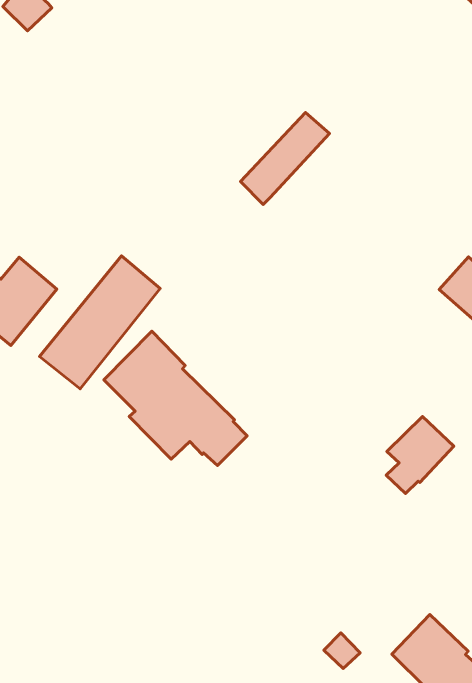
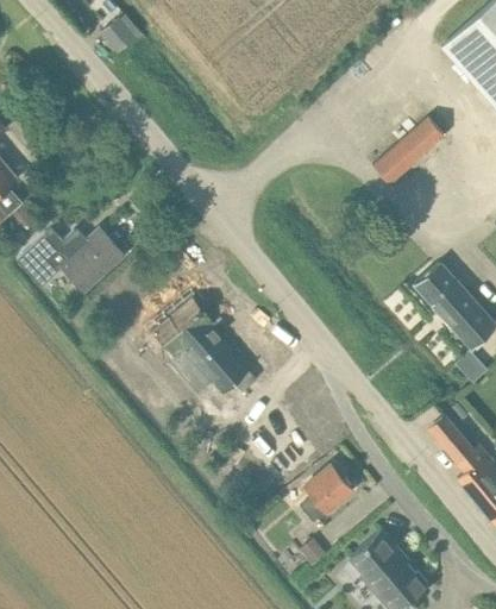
building: [240,112,330,204] -> [373,118,445,184]
building: [39,256,160,389] -> none
building: [386,417,454,493] -> [301,464,354,521]

